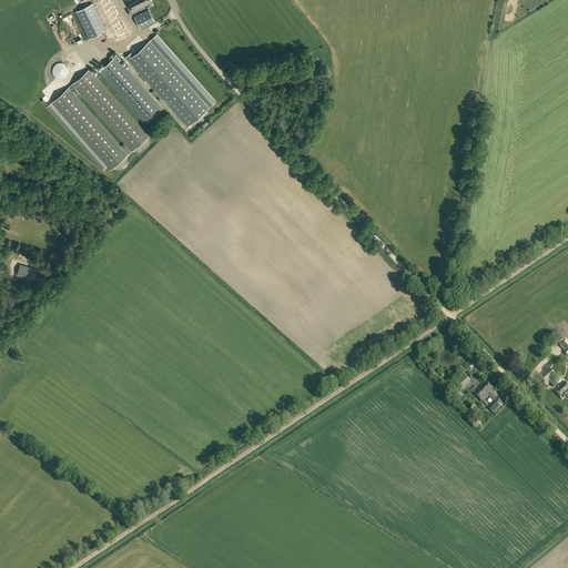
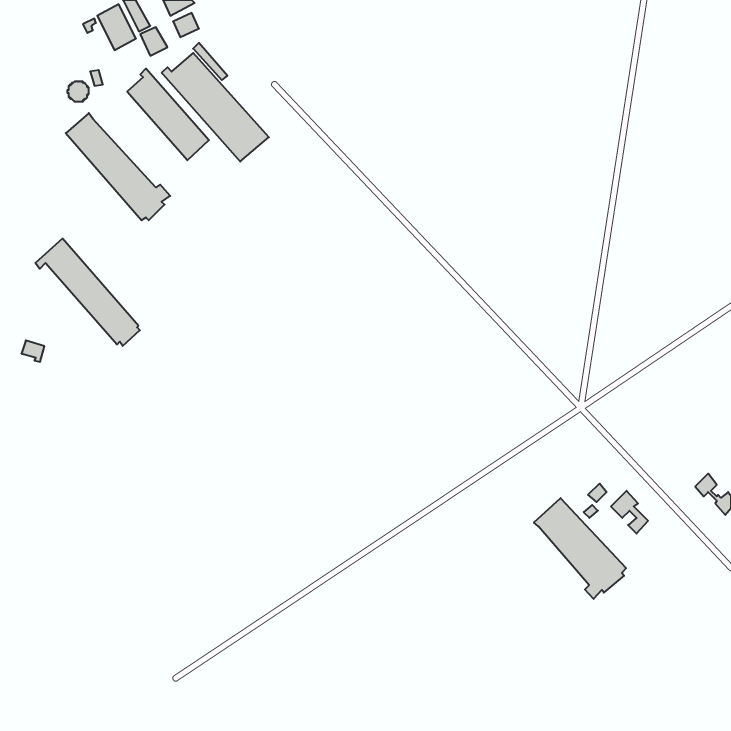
building: [69,69,150,152] -> [35,239,140,346]
building: none -> [534,498,626,599]

